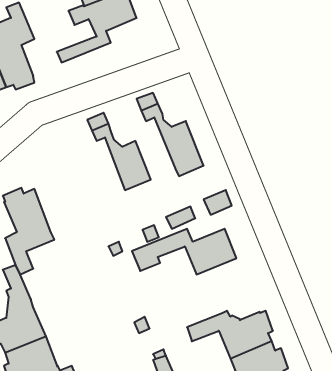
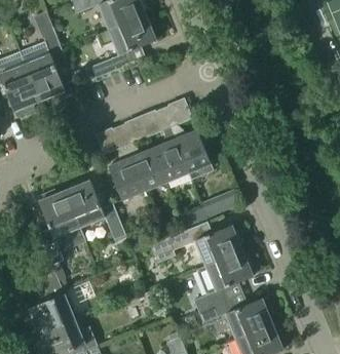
building: none -> [153,127,188,182]
building: none -> [108,145,144,200]
building: none -> [65,180,125,239]
building: none -> [193,250,252,311]

